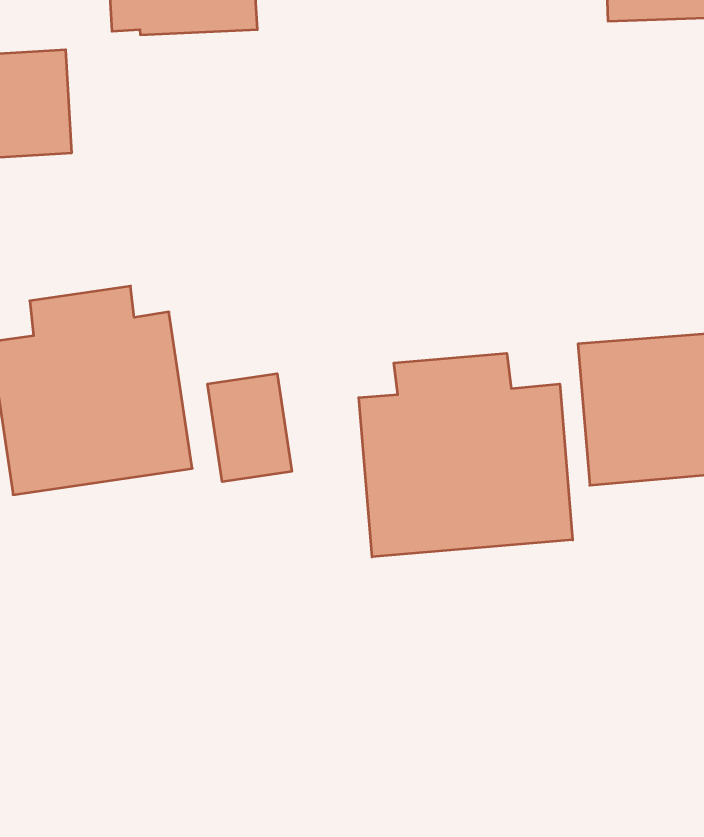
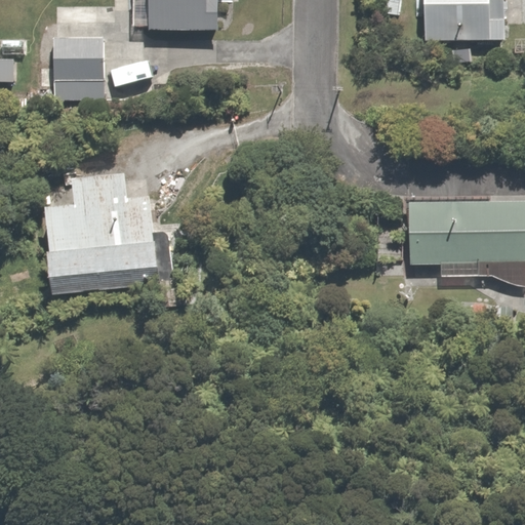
building: [359,353,573,557] -> none
building: [208,374,292,482] -> none

